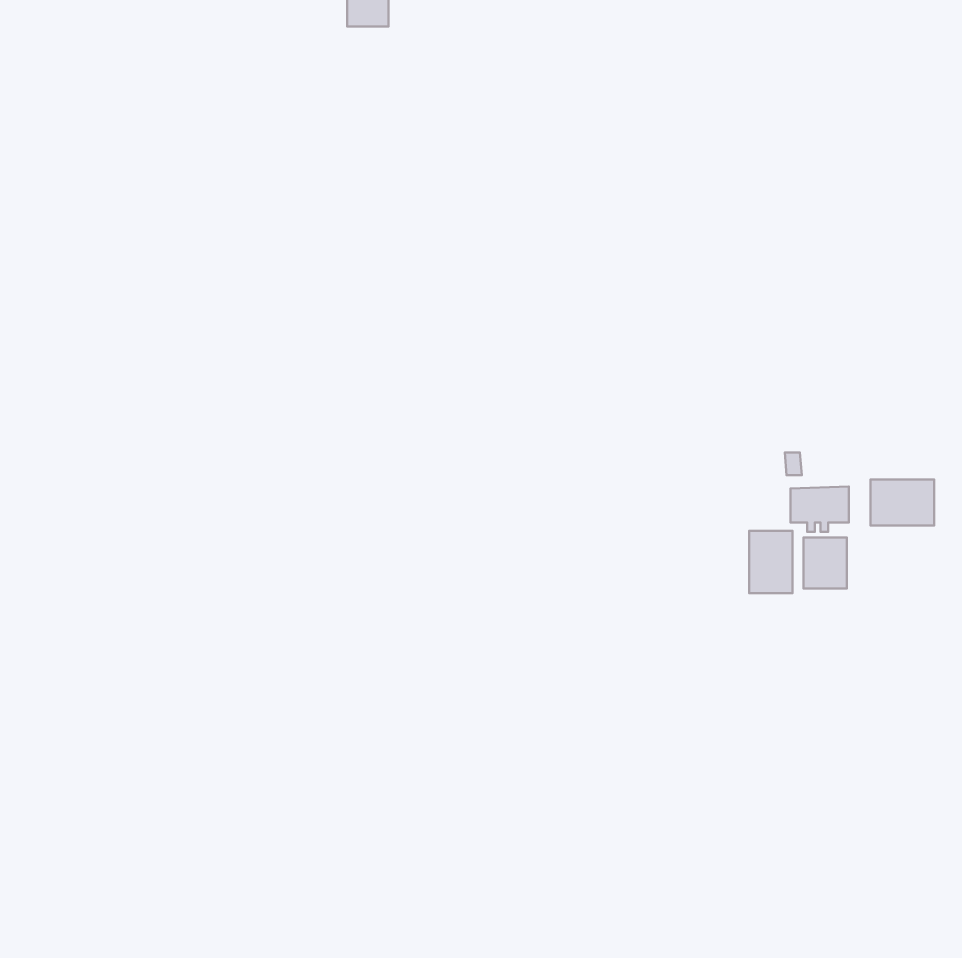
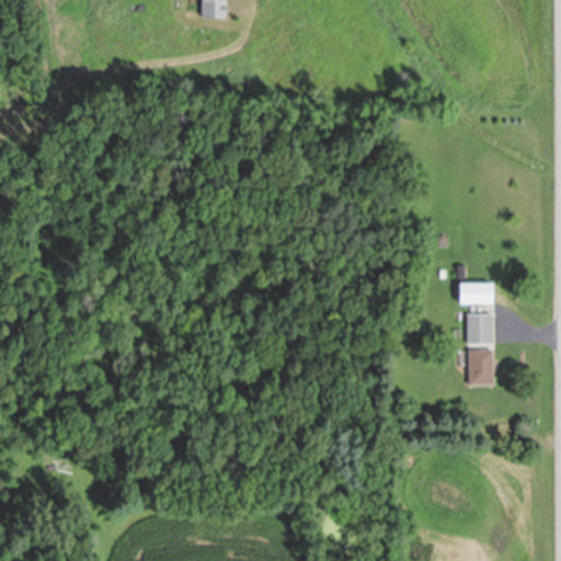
building: [870,480,934,526] -> none
building: [749,531,793,593] -> [468,347,493,383]

